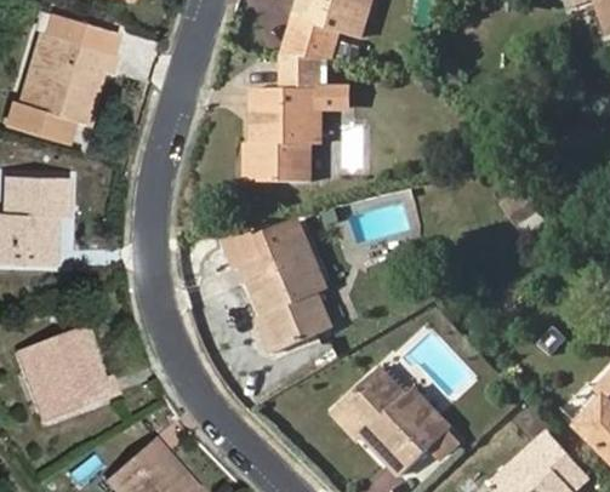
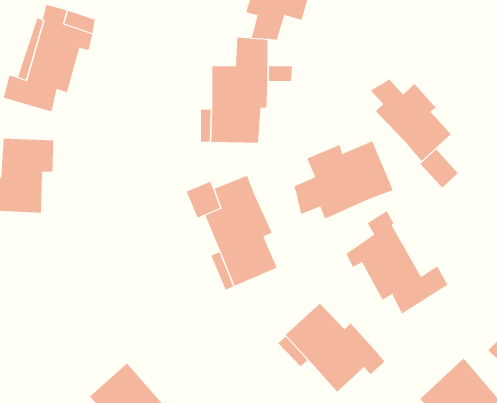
building: none -> [370,79,451,162]
building: none -> [294,141,393,219]
building: none -> [346,210,448,315]
building: [32,330,114,417] -> none

